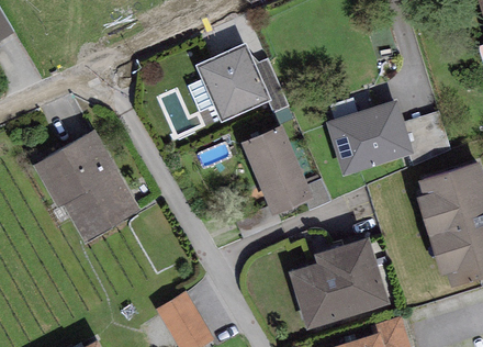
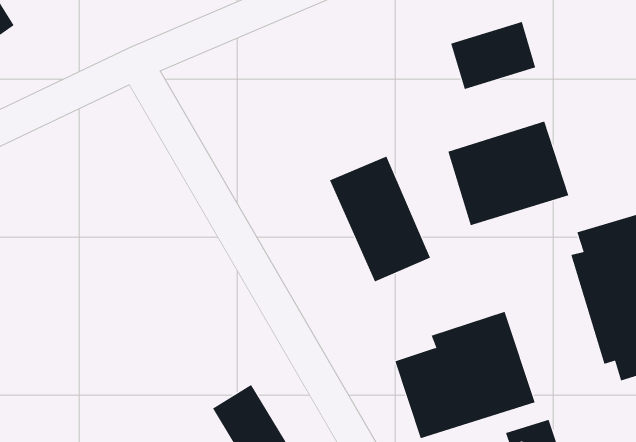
building: none -> [451,21,536,90]
building: [194,43,271,122] -> none
building: [33,130,139,242] -> none

